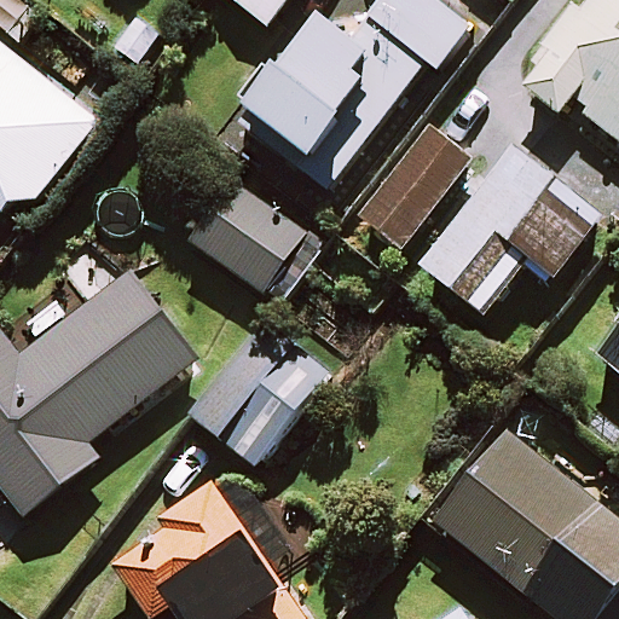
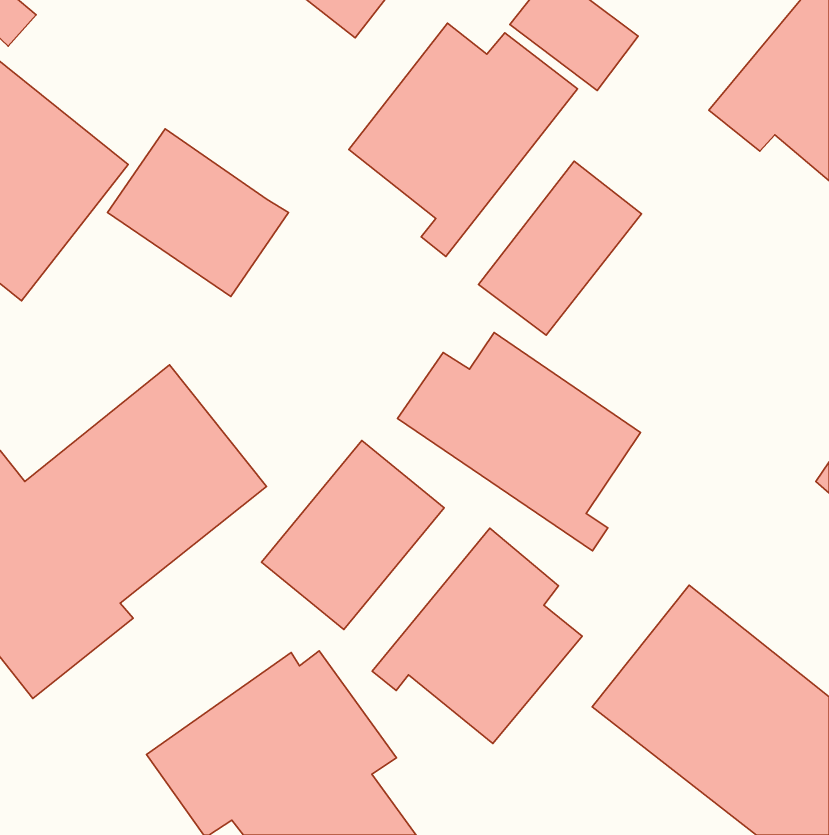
building: [417,140,604,312] -> none
building: [187,180,320,303] -> [108,129,288,296]
building: none -> [398,332,641,551]
building: none -> [372,528,582,744]

